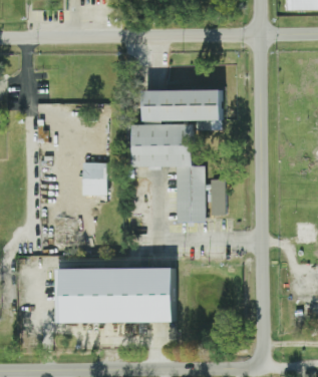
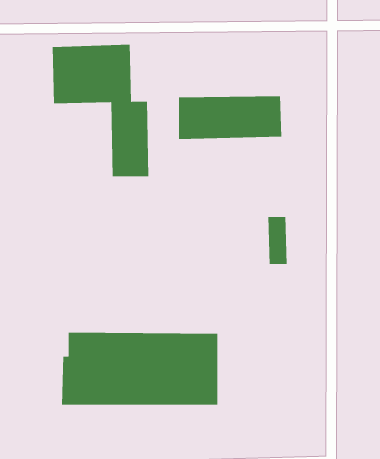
building: [131,122,205,223] -> [52,44,149,177]
building: [81,162,106,196] -> none

